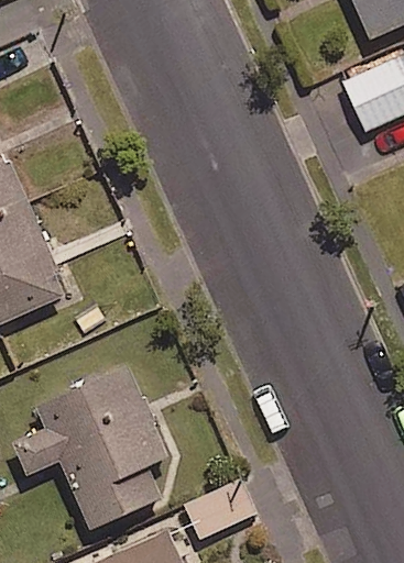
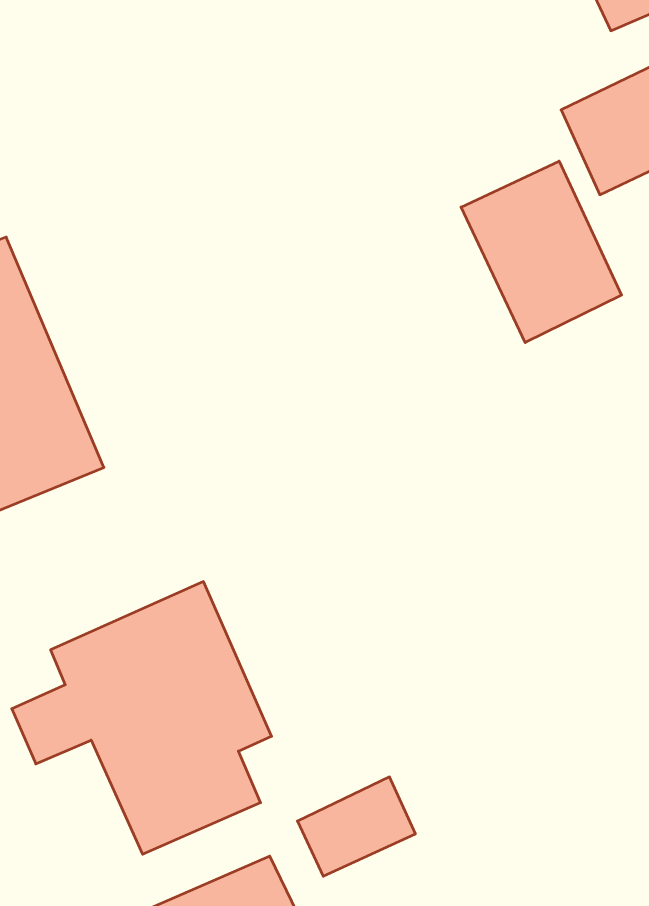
building: none -> [461,161,622,343]

